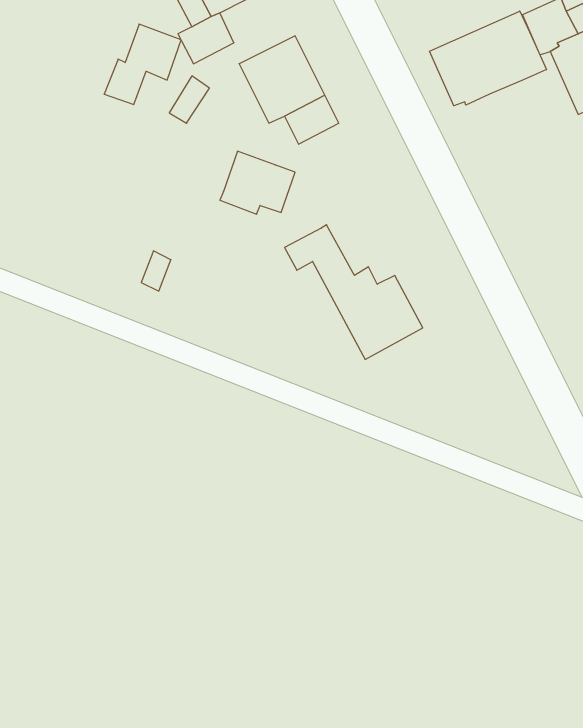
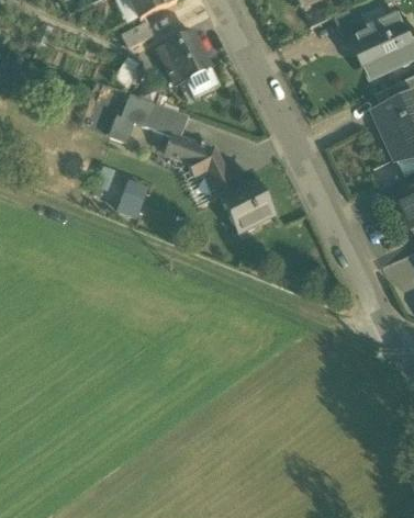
building: [430,11,546,106] -> none
building: [104,24,181,105] -> [107,92,155,143]
building: none -> [163,136,208,162]
building: none -> [114,179,146,219]

